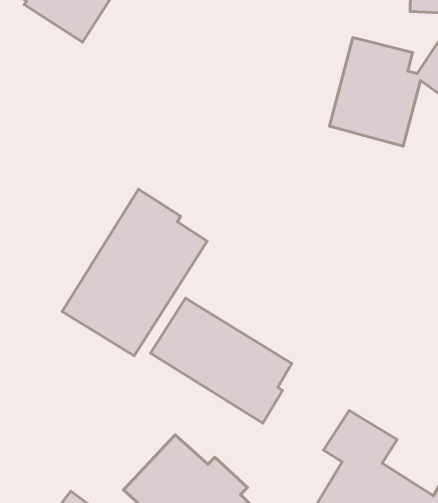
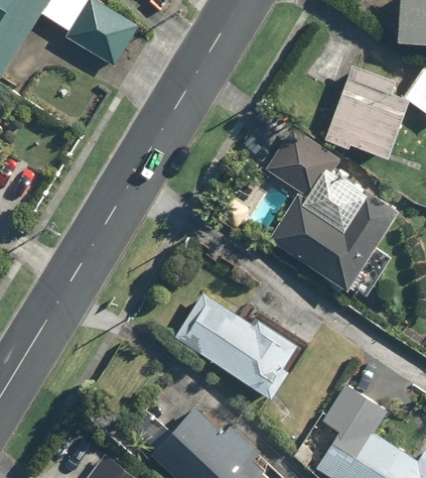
building: none -> [266,129,401,302]
building: [62,189,207,356] -> none

